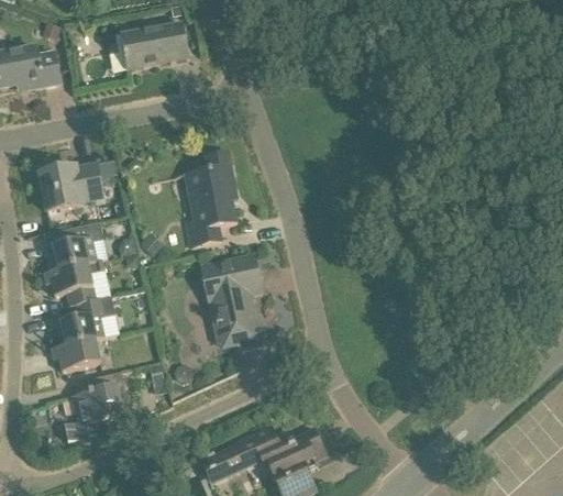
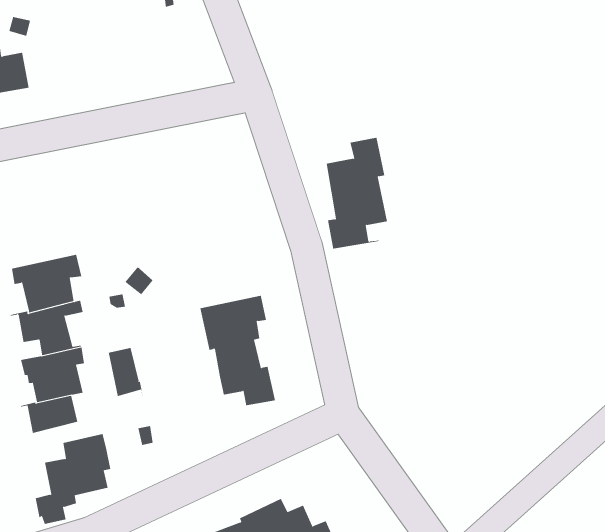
building: [120,23,189,69] -> none
building: [185,151,236,244] -> [326,137,388,249]
building: [40,164,102,210] -> none
building: none -> [108,347,143,397]

